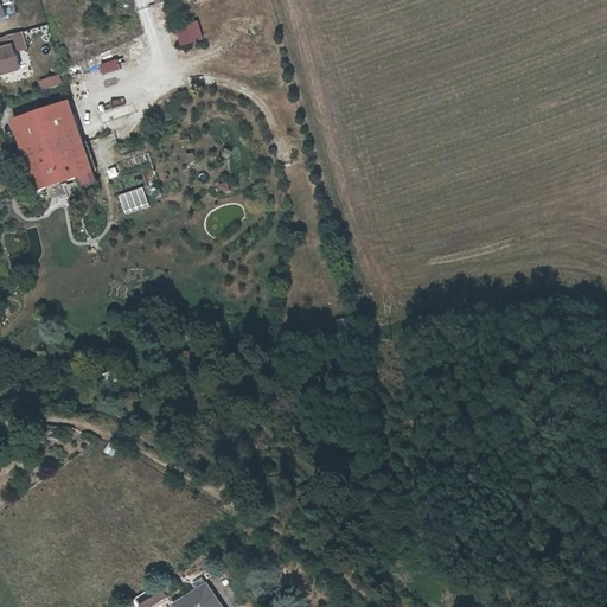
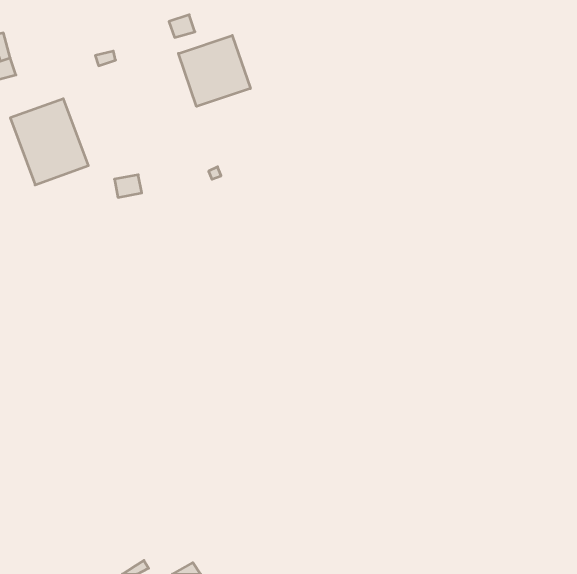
building: none -> [178,35,250,106]

